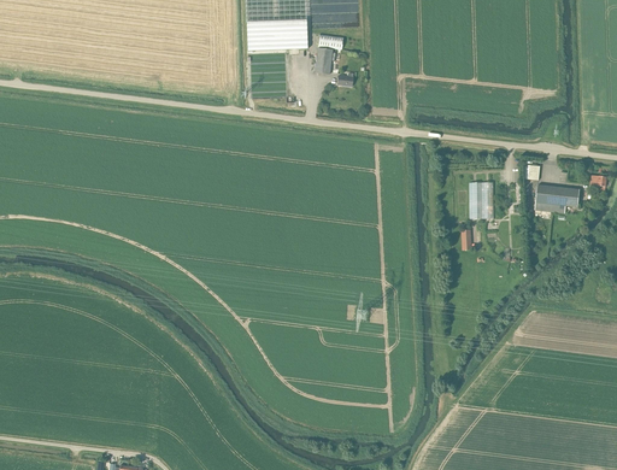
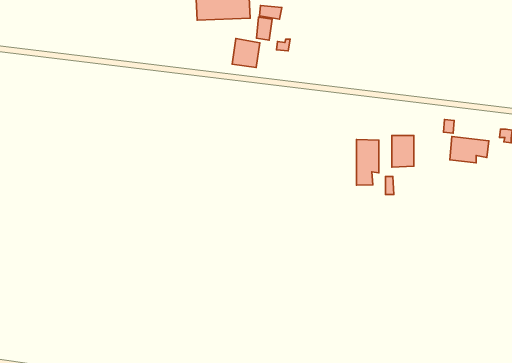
building: none -> [232,39,260,68]
building: none -> [356,140,379,185]

